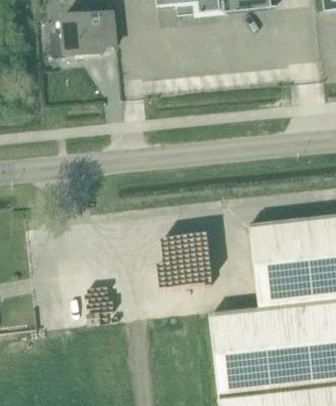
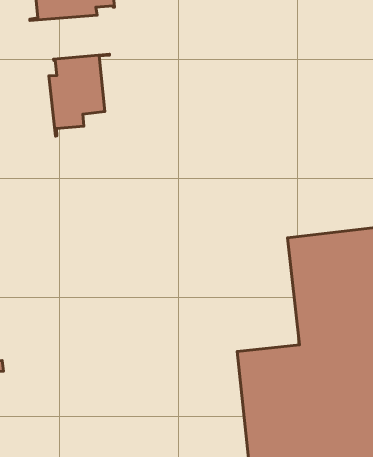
building: none -> [49,54,110,136]

